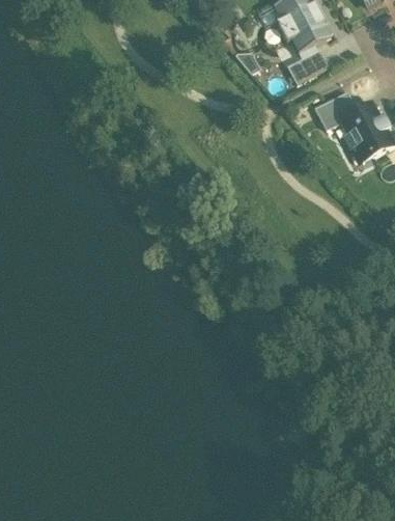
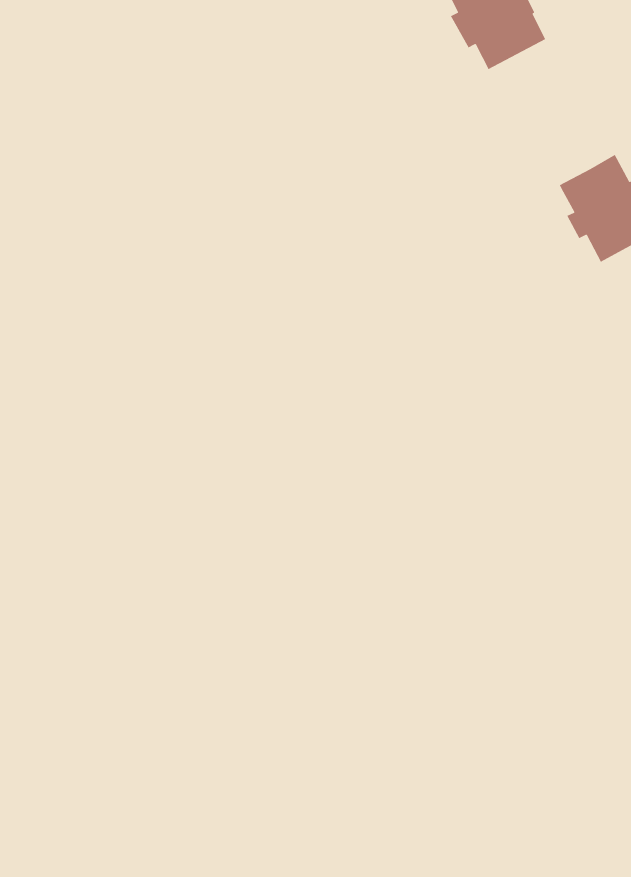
building: [285,49,327,83] -> none
building: [312,90,355,131] -> none

